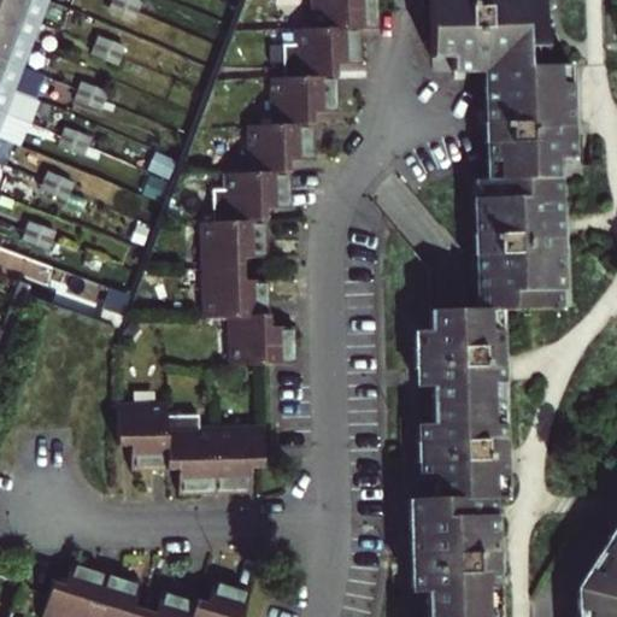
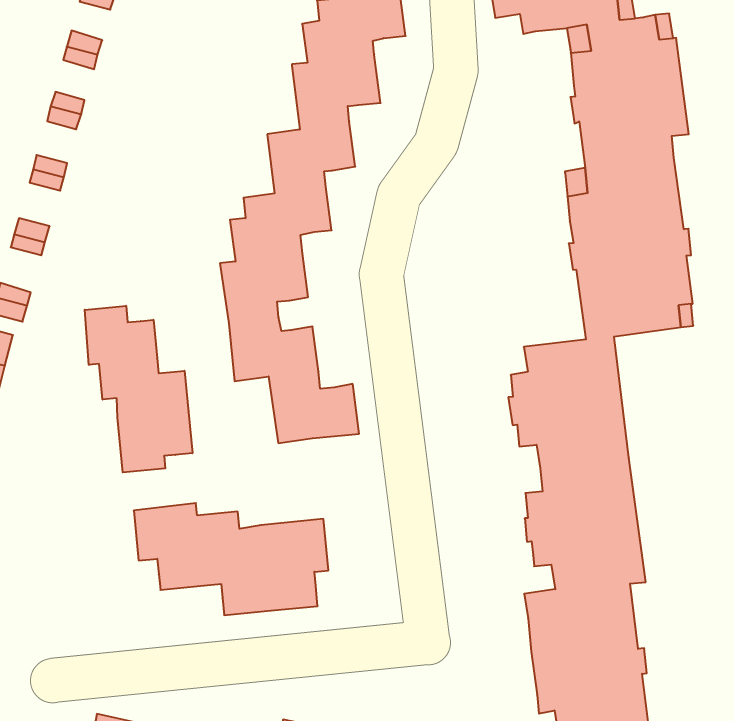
building: none -> [85,306,192,472]

